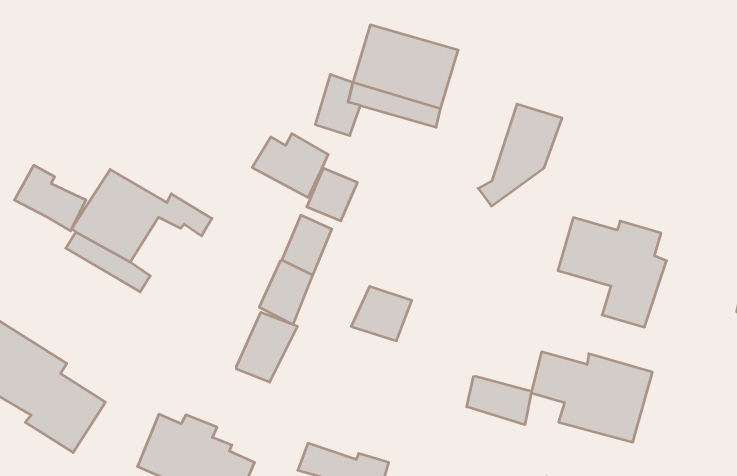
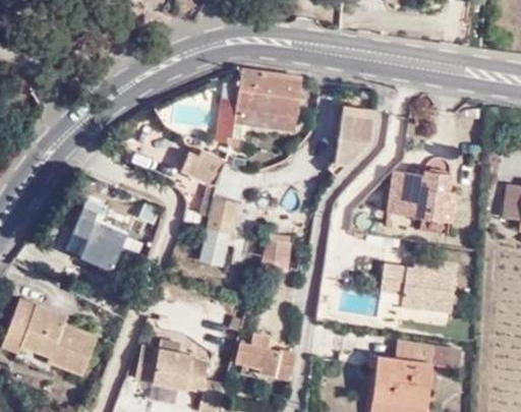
building: [14,165,86,231] -> none
building: [236,312,297,382] -> none
building: [467,376,531,425] -> none

